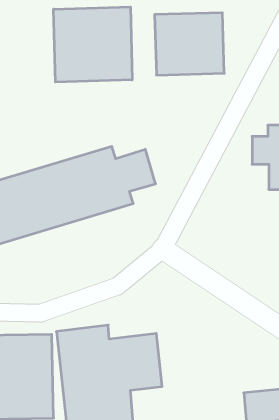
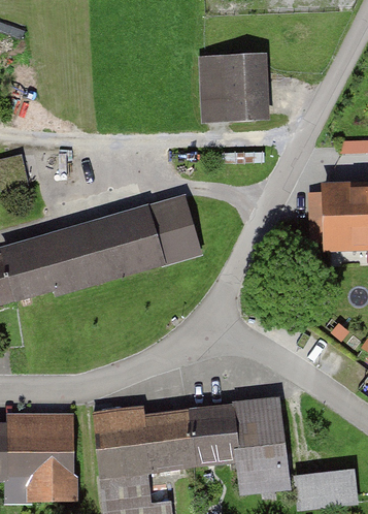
building: [54,7,132,82] -> none
building: none -> [198,395,291,491]

